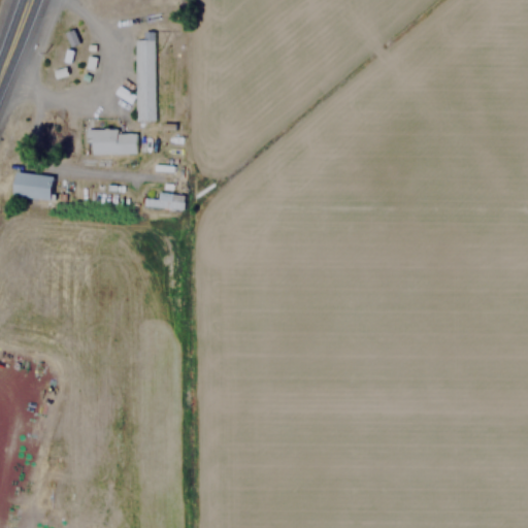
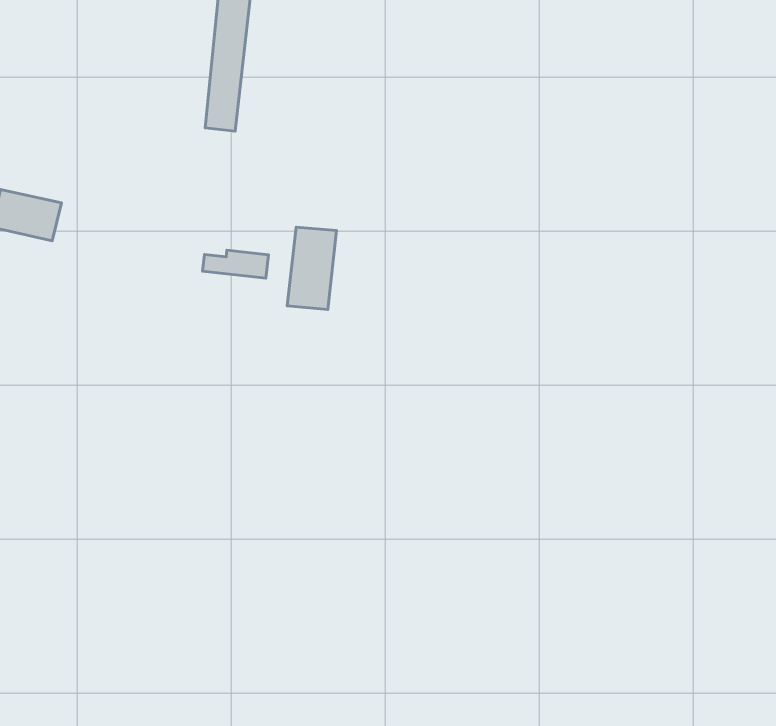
building: [90,130,138,154] -> none
building: none -> [287,227,337,309]

